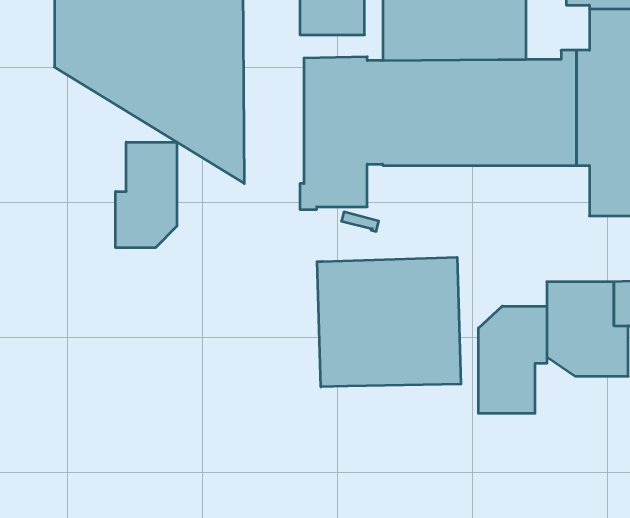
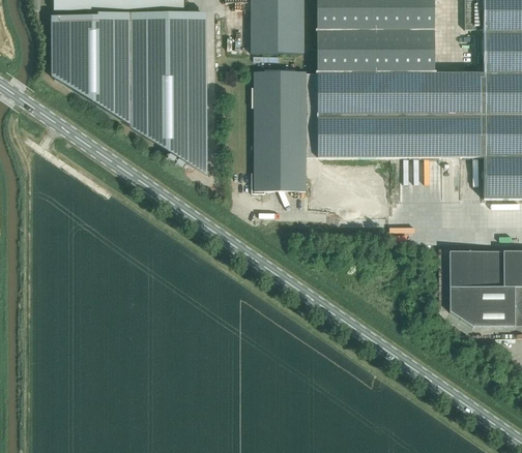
building: [116,142,177,248] -> none
building: [317,257,461,387] -> none
building: [478,306,547,413] -> none

